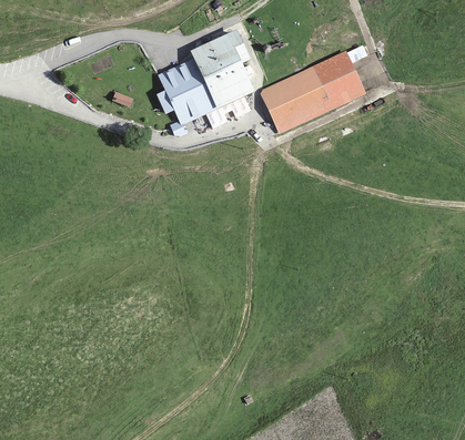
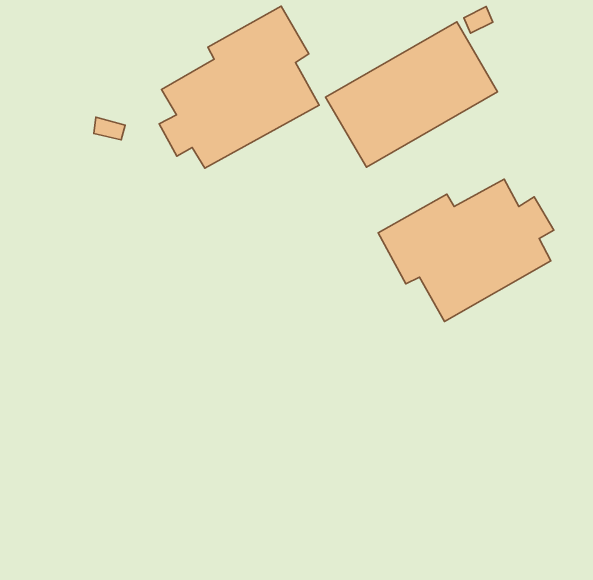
building: none -> [378,179,554,322]

